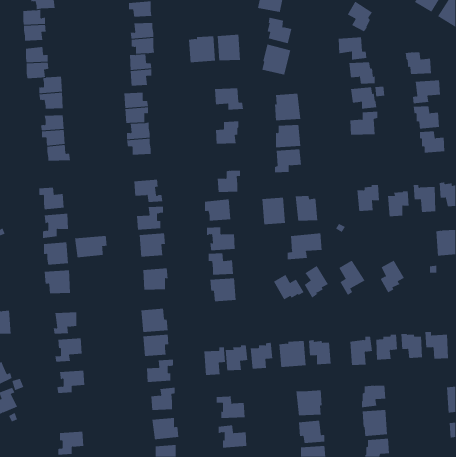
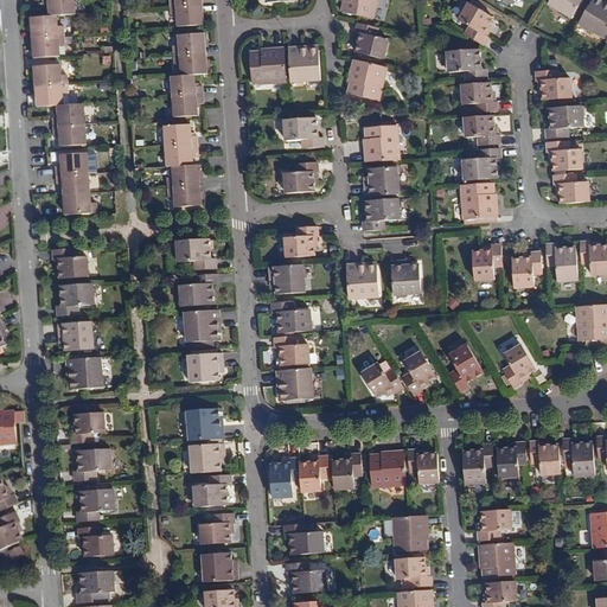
building: none -> [461,183,497,218]
building: [287,233,322,260] -> none
building: [74,235,107,258] -> none
building: none -> [76,526,111,555]

